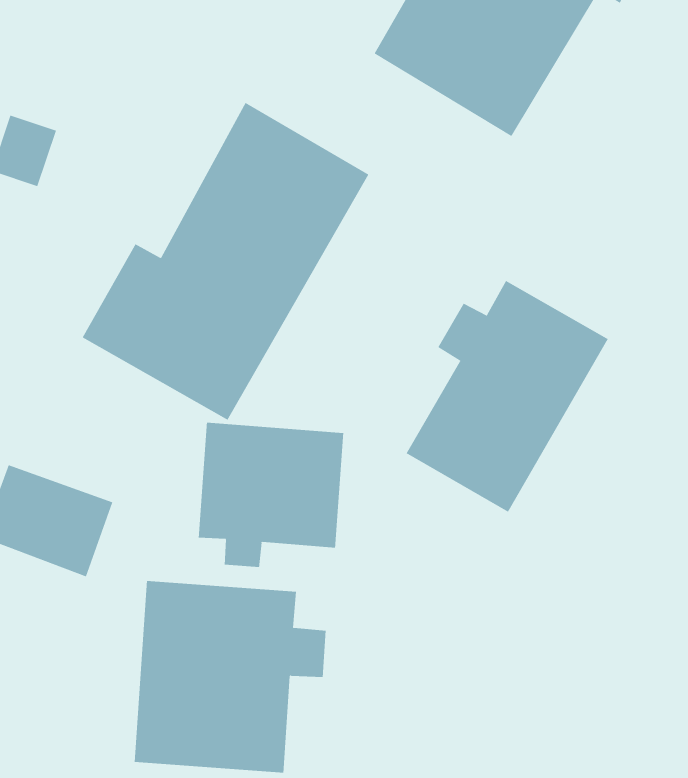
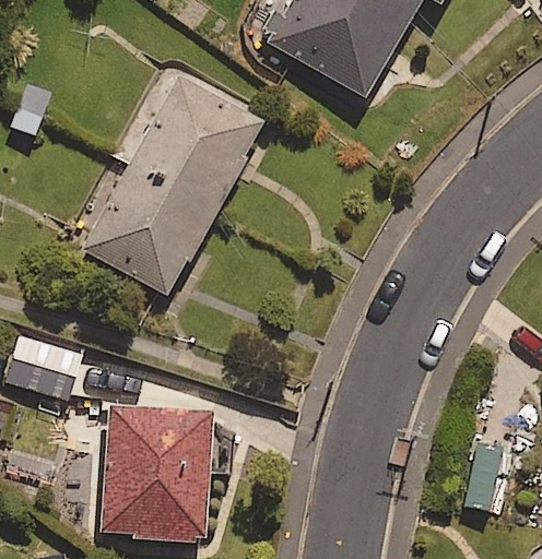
building: [406,280,608,512] -> none
building: [198,422,344,568] -> none

